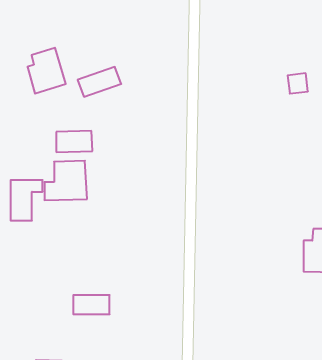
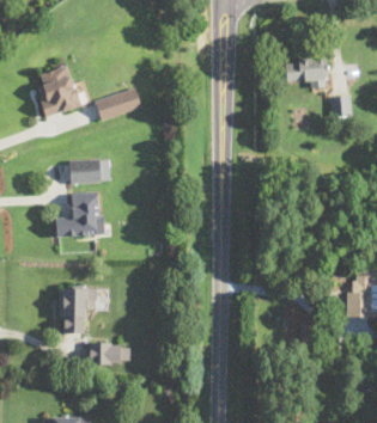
building: none -> [285,57,328,85]
building: [11,180,43,221] -> [61,288,97,333]

